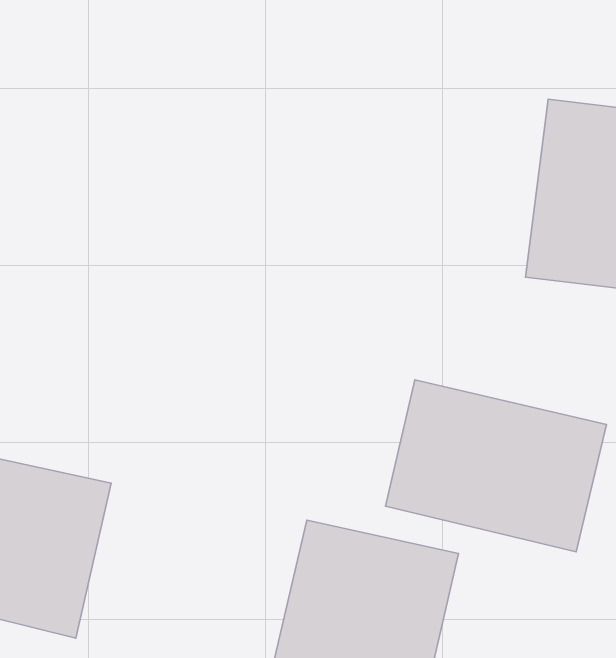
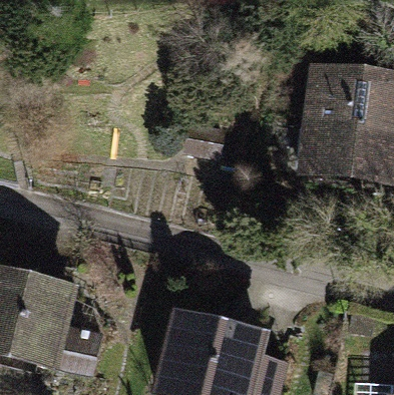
building: [386,380,607,552] -> none

